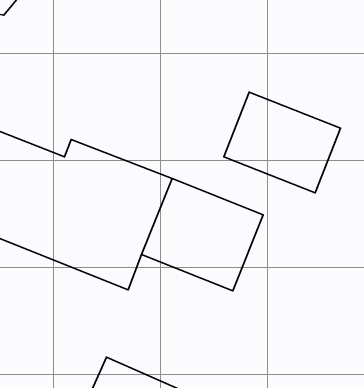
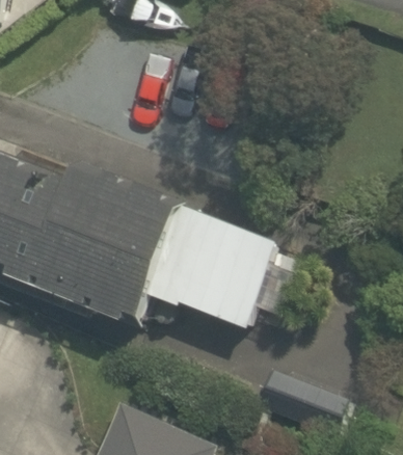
building: [224,92,341,193] -> none

